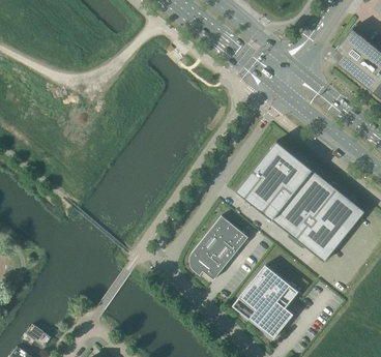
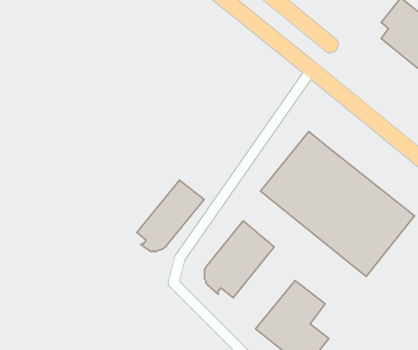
building: none -> [137,180,204,252]

